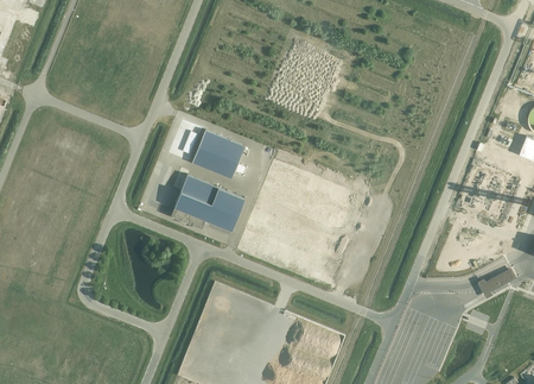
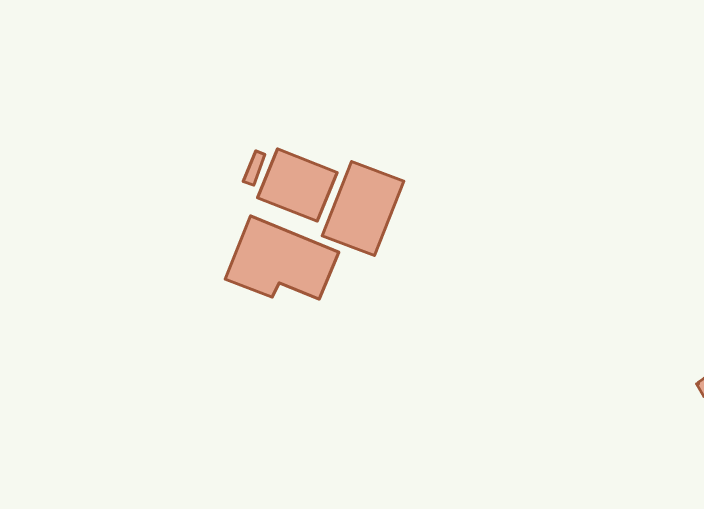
building: none -> [322,161,404,256]

